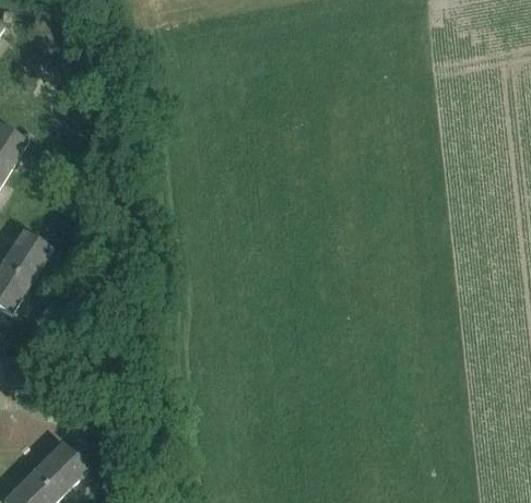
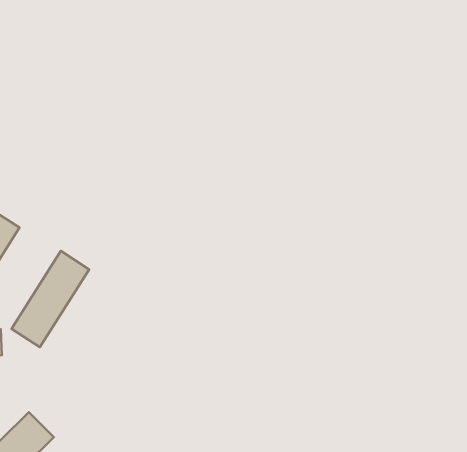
building: none -> [11,251,89,347]

